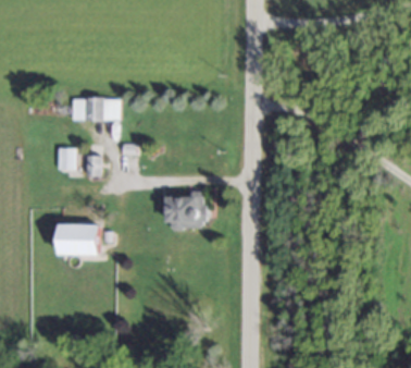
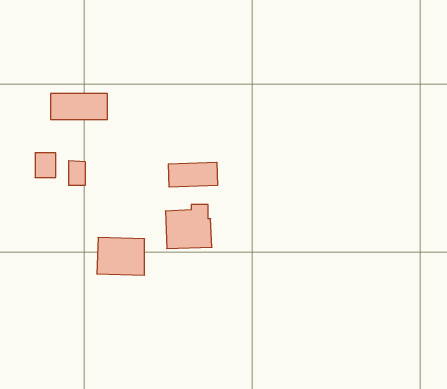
building: none -> [168,162,218,187]
building: [59,223,99,255] -> [97,238,145,275]

